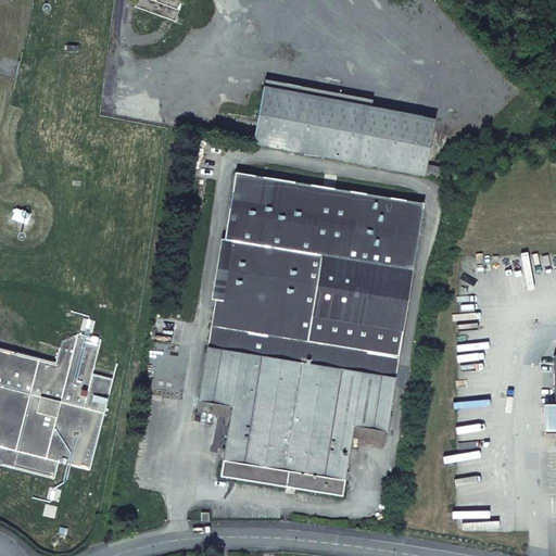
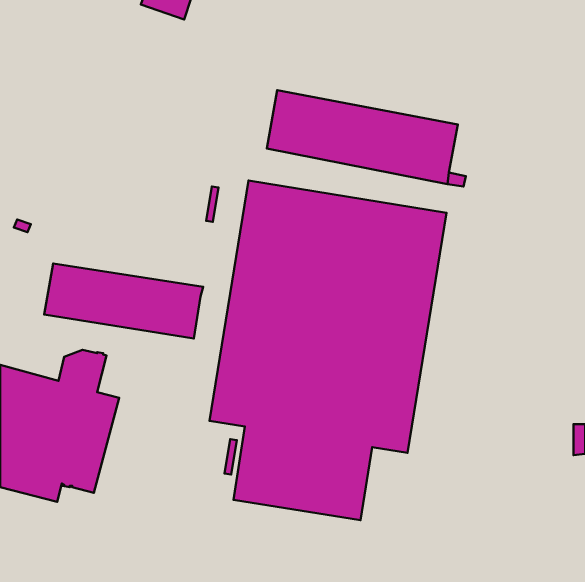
building: none -> [44,264,203,339]

